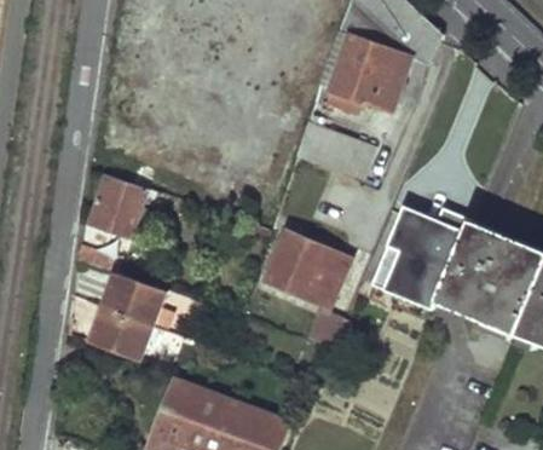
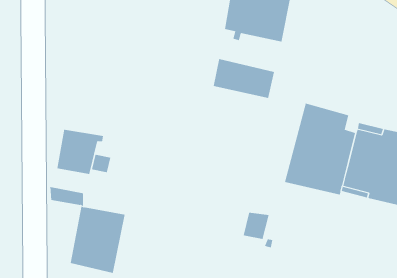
building: [268,232,351,311] -> none

